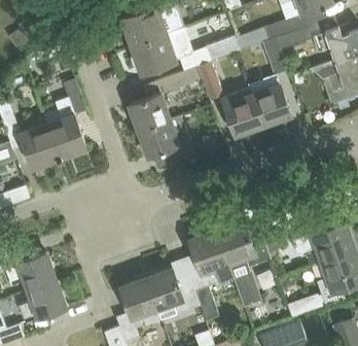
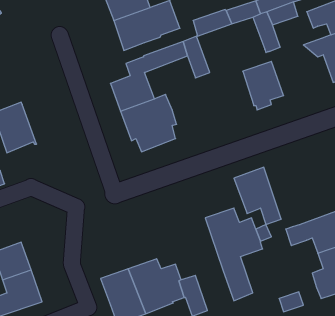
building: [45,78,86,161] -> none
building: [222,88,263,135] -> none
building: [189,230,234,283] -> [234,167,281,225]

